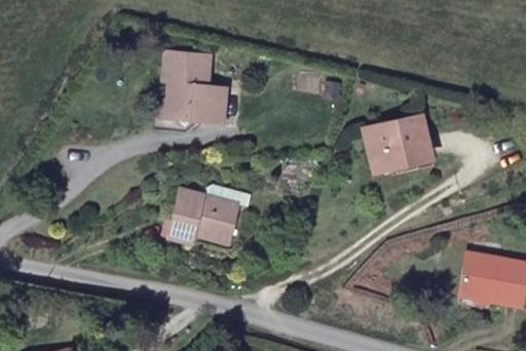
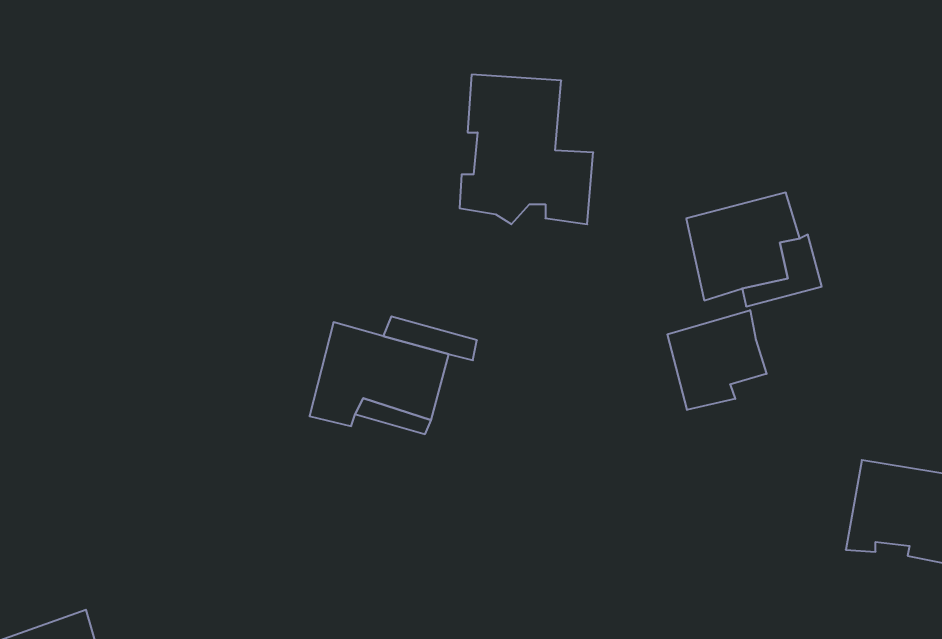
building: [164,48,233,125] -> [460,75,593,224]
building: none -> [667,310,767,410]

